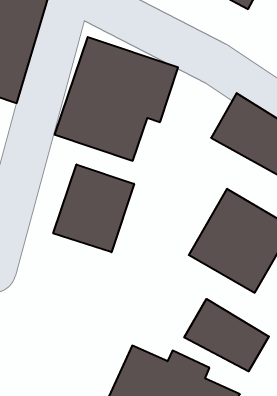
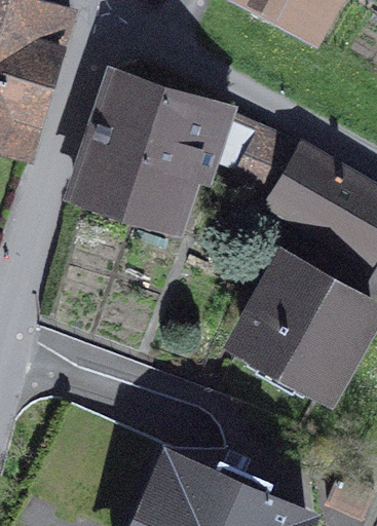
building: [53,164,134,252] -> none
building: [184,299,269,371] -> none

